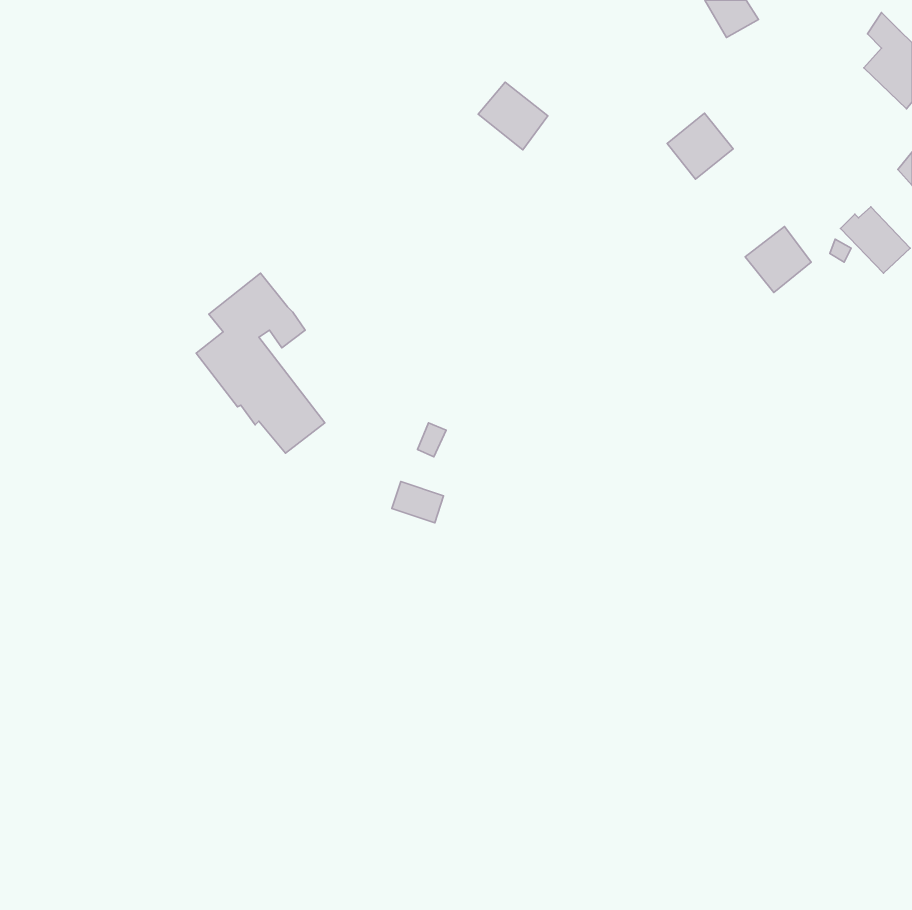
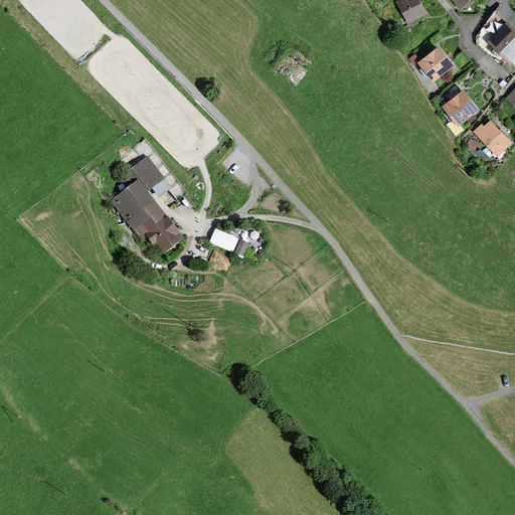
building: [667,113,733,179] -> [417,43,455,80]
building: [745,227,811,293] -> [443,89,480,126]
building: [392,482,444,523] -> [210,229,239,252]

